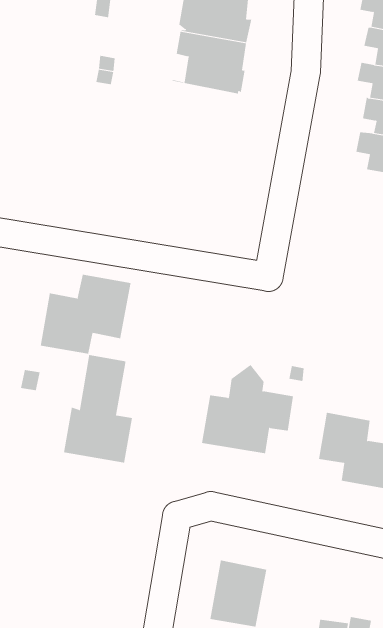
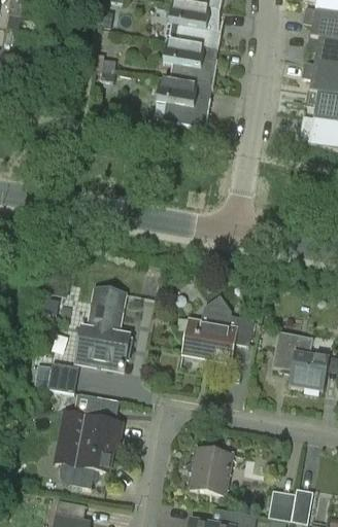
building: none -> [156,77,210,127]
building: [40,274,131,355] -> none
building: none -> [32,361,78,392]
building: none -> [54,394,122,490]

